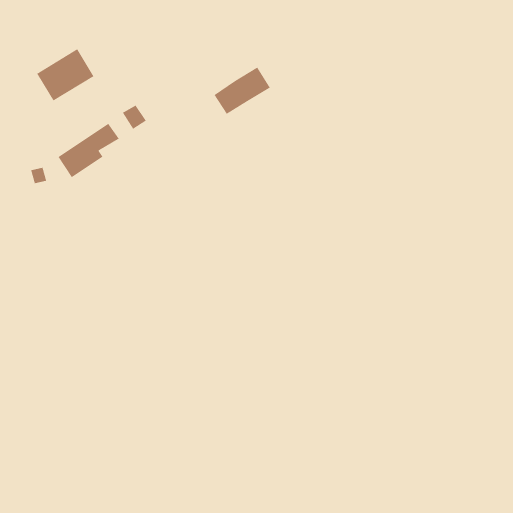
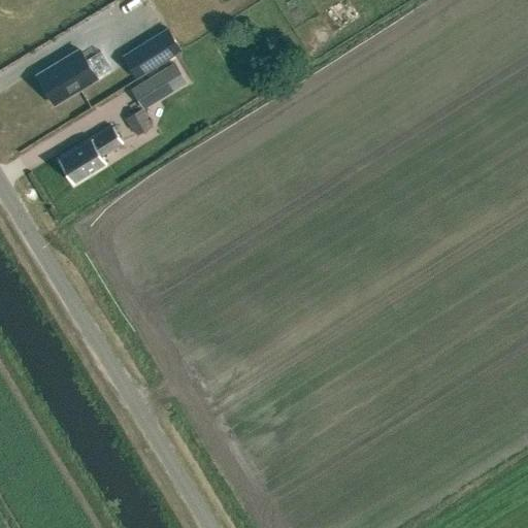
building: [213,67,271,115] -> [124,29,183,78]
building: none -> [132,72,171,108]

